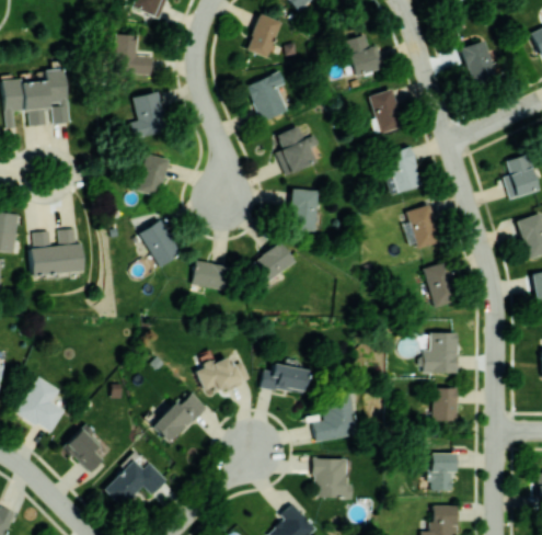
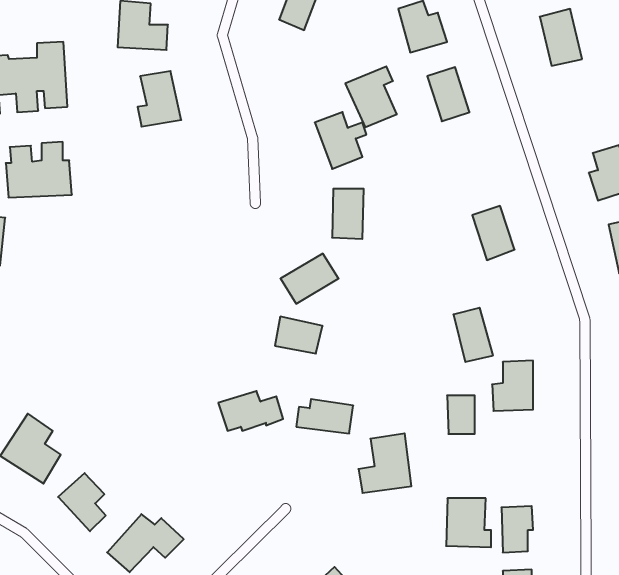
building: [245,71,288,122] -> [345,66,397,127]
building: [388,147,422,195] -> none
building: [135,153,168,197] -> none
building: [138,219,181,268] -> none
building: [30,228,84,274] -> [6,142,72,197]
building: [192,260,231,291] -> [275,317,323,354]
building: [425,262,458,307] -> [453,308,493,362]
building: [434,388,457,420] -> [447,395,475,434]
building: [151,392,207,444] -> none
building: [314,458,351,499] -> [446,498,491,547]

